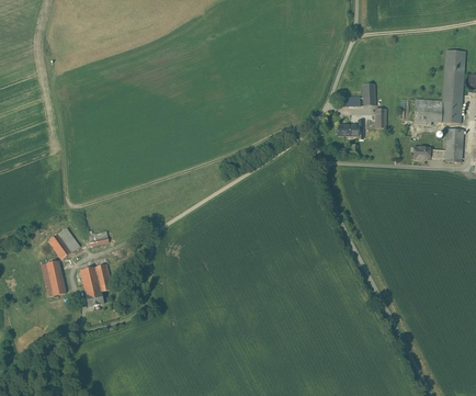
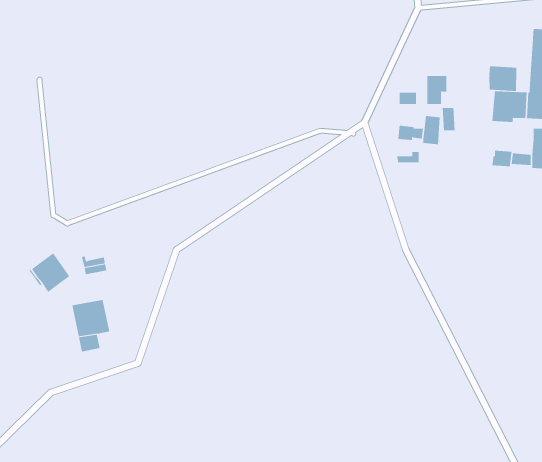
building: none -> [489,65,517,92]
building: [42,260,66,295] -> none

